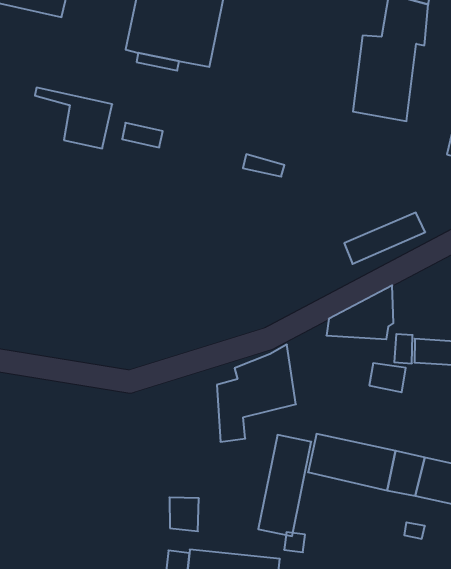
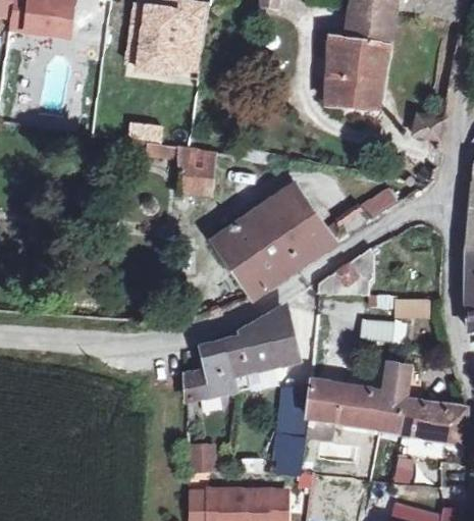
building: [35,88,112,148] -> [146,144,213,193]
building: none -> [215,188,332,299]
building: none -> [188,346,231,402]
building: none -> [383,361,413,397]

